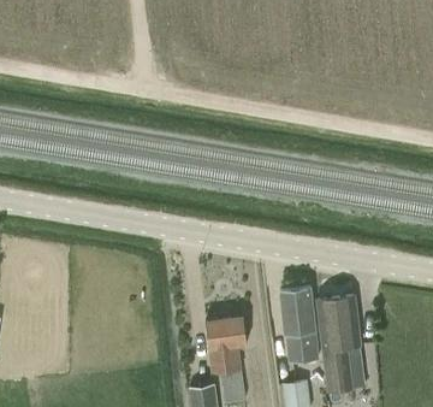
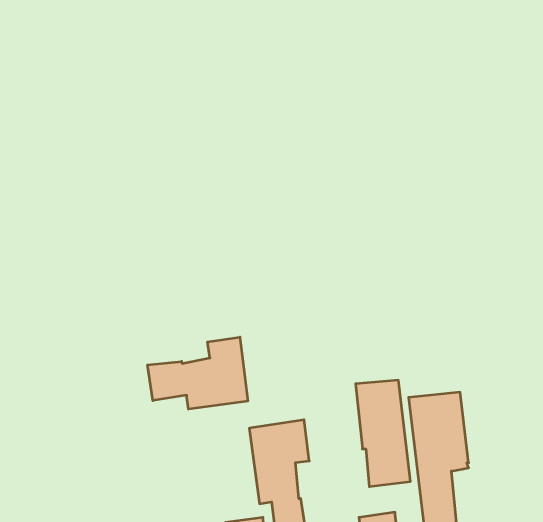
building: none -> [148,337,248,409]

